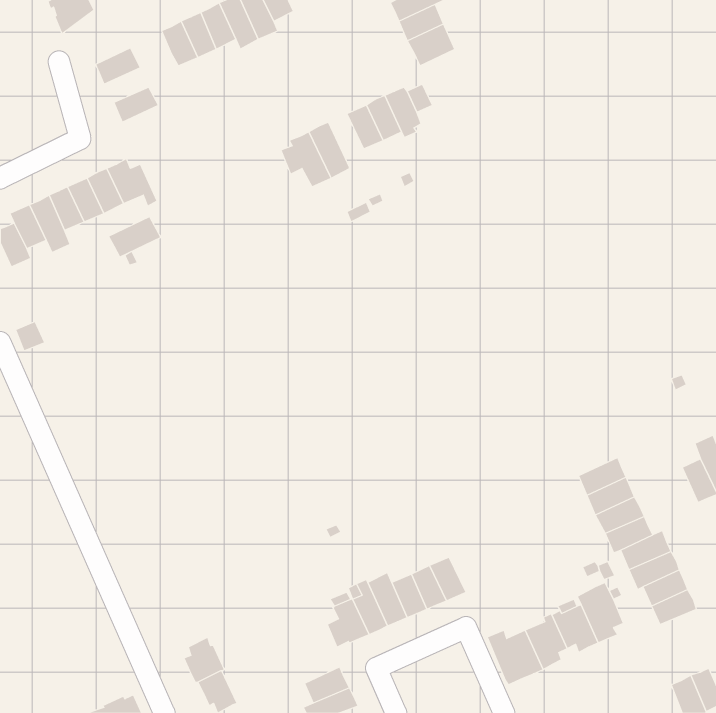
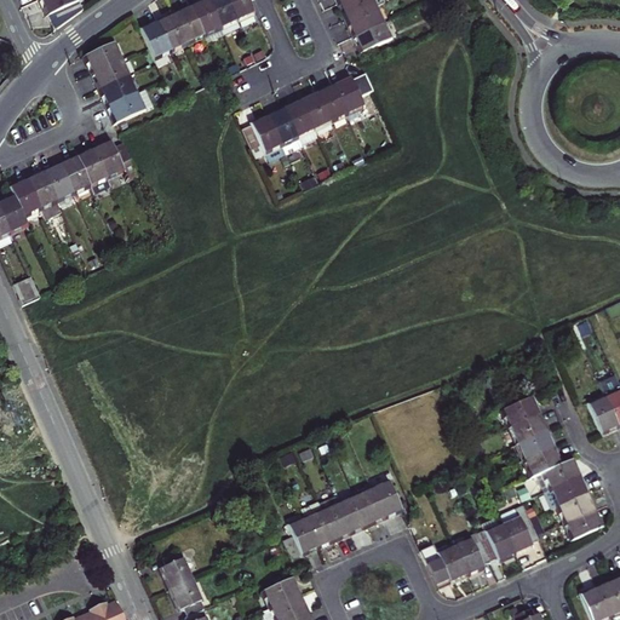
building: none -> [91,58,130,88]
building: none -> [107,88,154,126]
building: none -> [285,98,318,144]
building: [109,216,161,257] -> none

